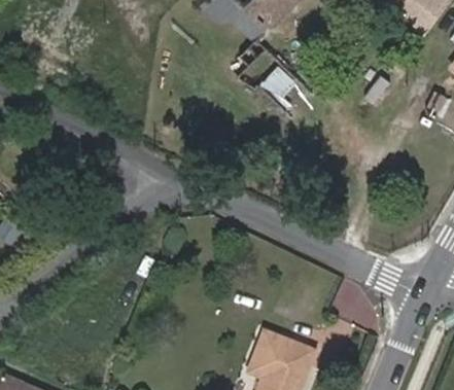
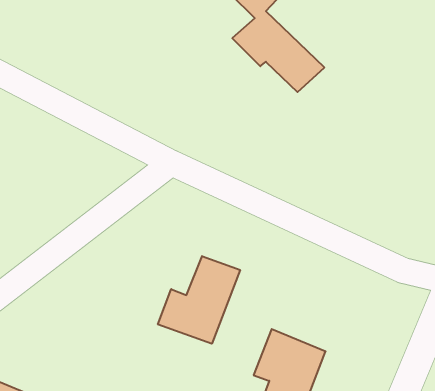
building: none -> [158,256,240,344]

